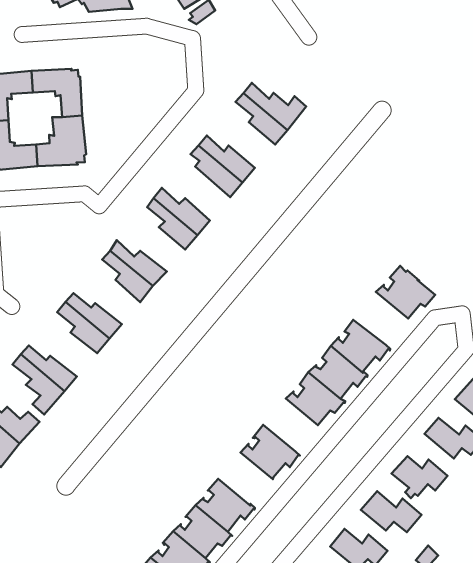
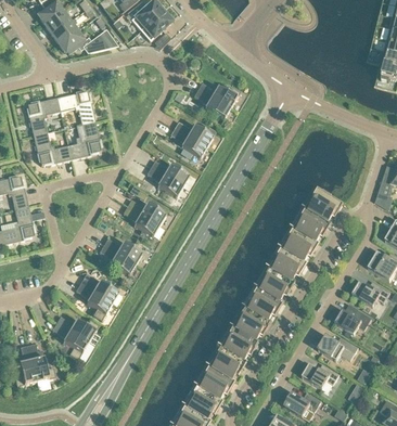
building: none -> [292,205,331,238]
building: none -> [244,284,283,318]
building: none -> [220,324,259,358]

